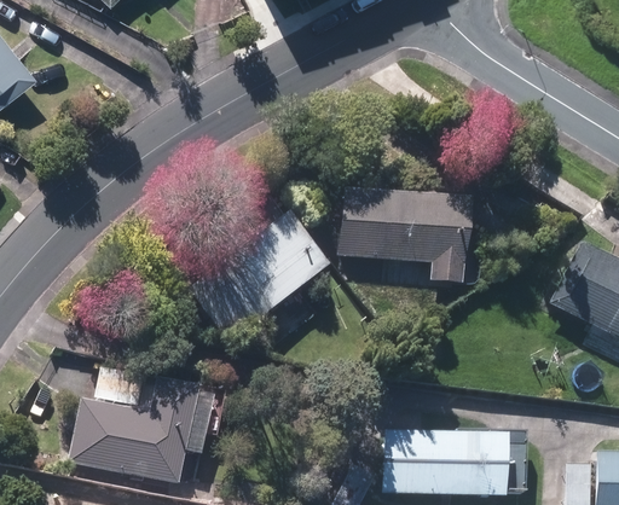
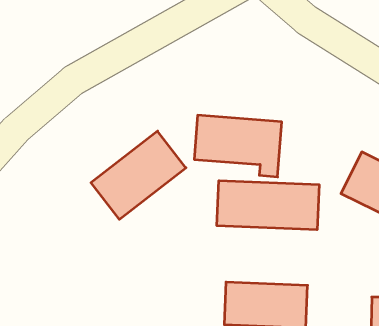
building: none -> [217,181,319,230]
building: [71,381,197,481] -> none

